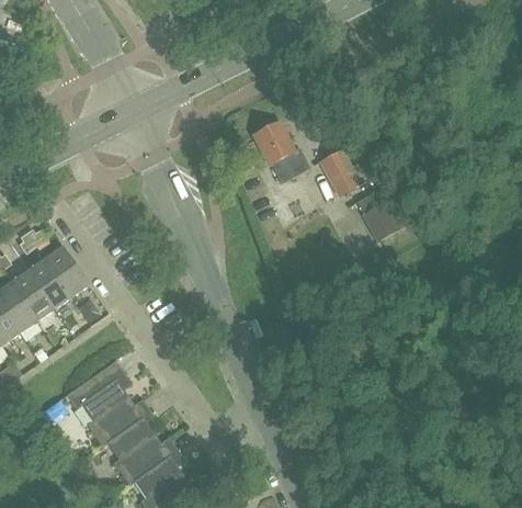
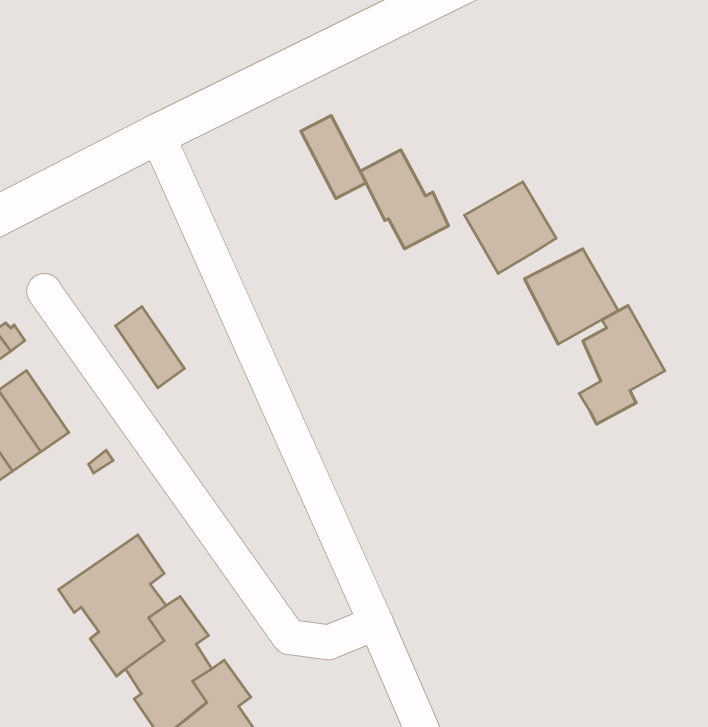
building: none -> [301,115,366,199]
building: none -> [579,306,665,424]
building: [46,247,89,297] -> [115,307,184,388]

